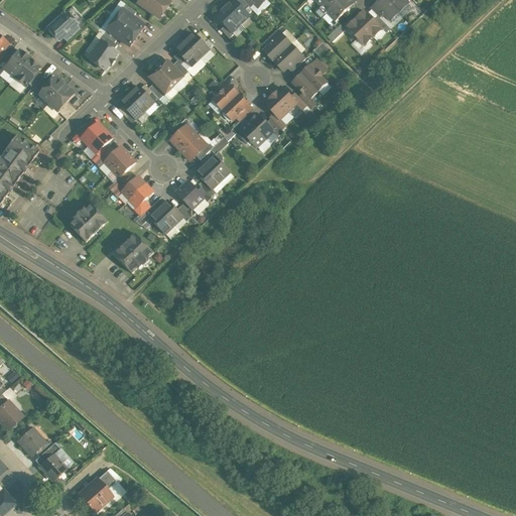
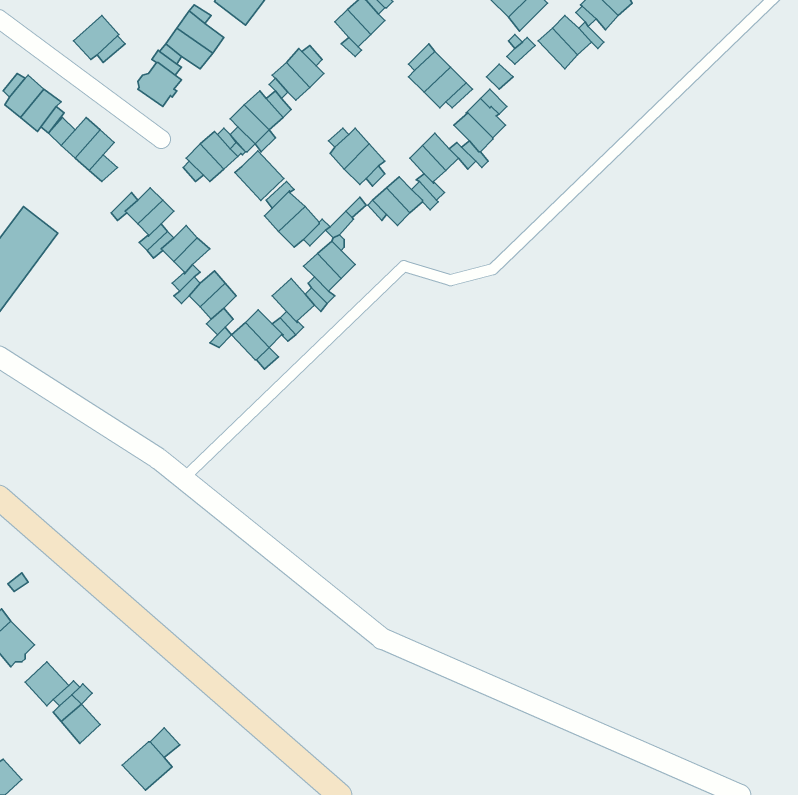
building: none -> [235,151,284,200]
building: [70,204,107,241] -> none
building: [113,233,153,272] -> none

